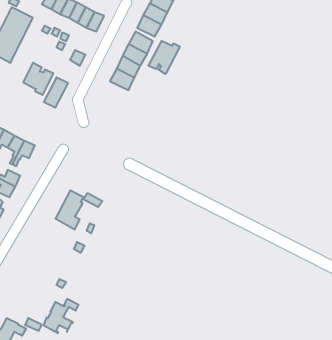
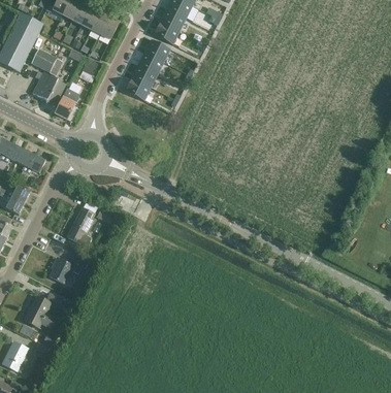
building: [149,41,180,74] -> none
building: none -> [31,48,62,75]
building: none -> [48,256,83,283]
building: [44,299,79,333] -> [24,292,61,328]

